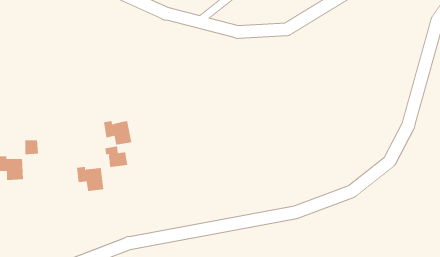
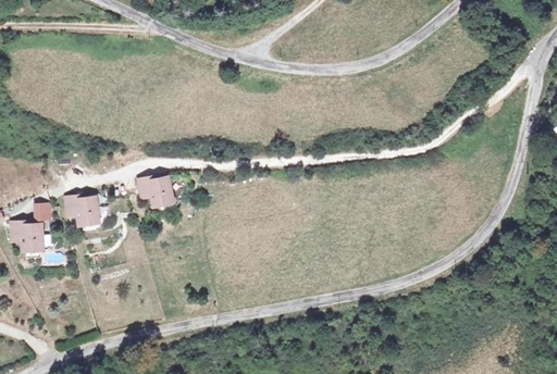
building: [105,146,128,168] -> none
building: [76,167,104,191] -> [64,196,99,226]

